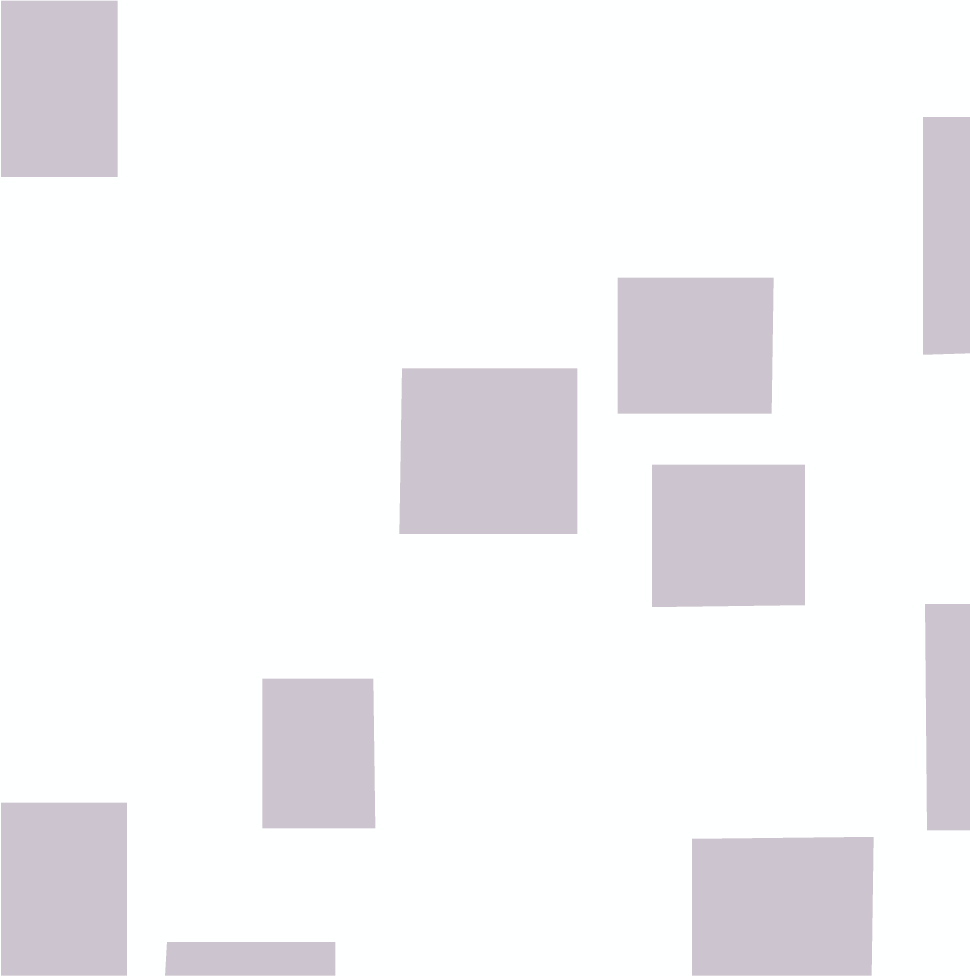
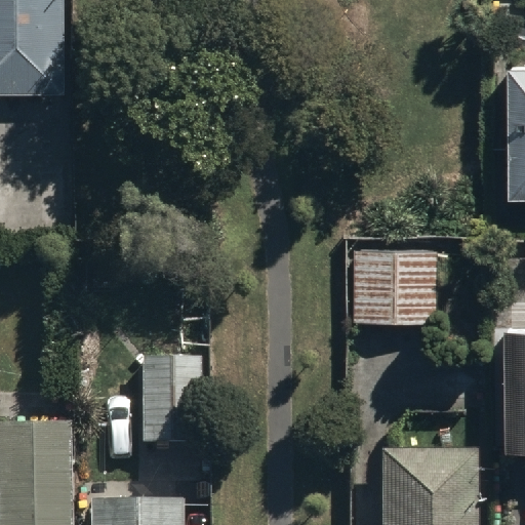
building: [617,277,774,414] -> none
building: [399,368,578,535] -> none

